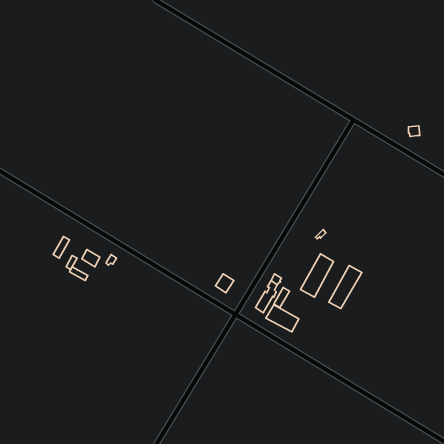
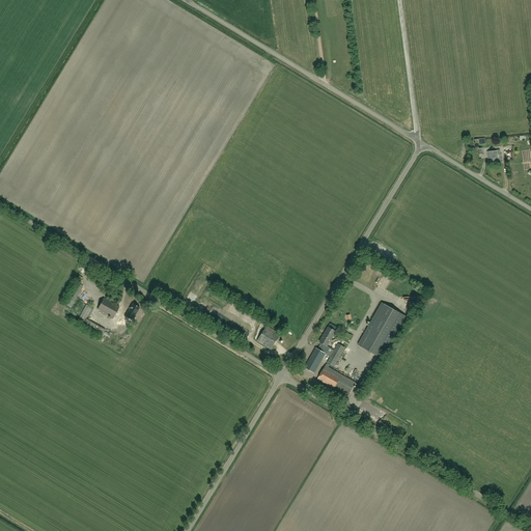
building: [329,266,362,308] -> none

